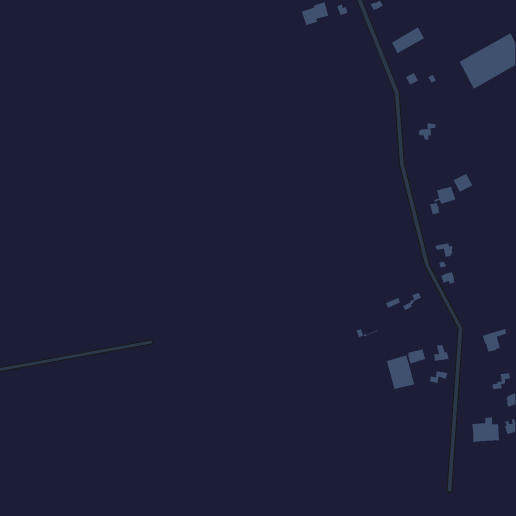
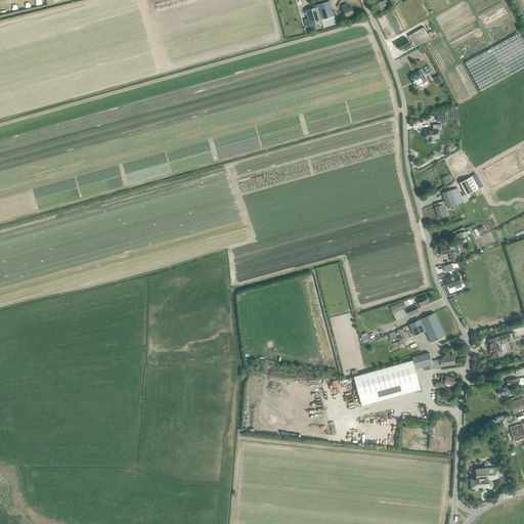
building: none -> [408,313,445,343]
building: none -> [353,365,399,405]
building: [471,416,500,443] -> [471,462,499,488]

